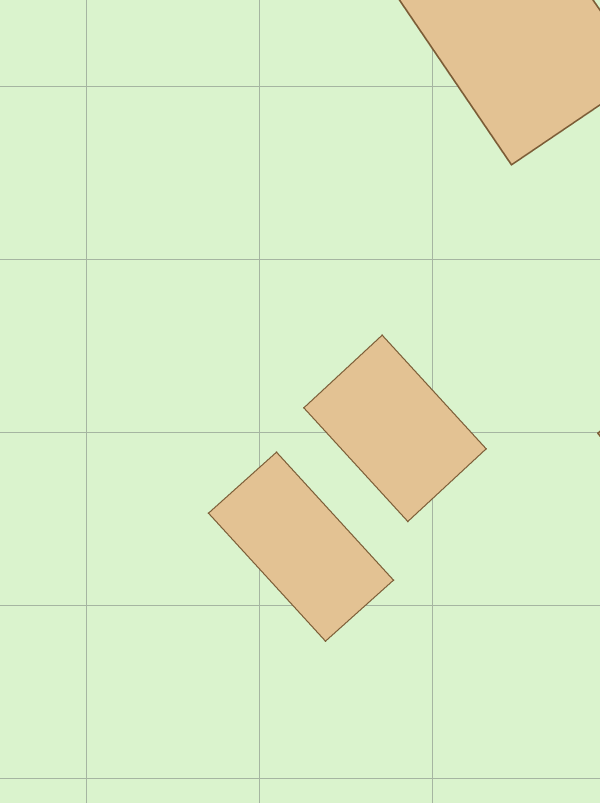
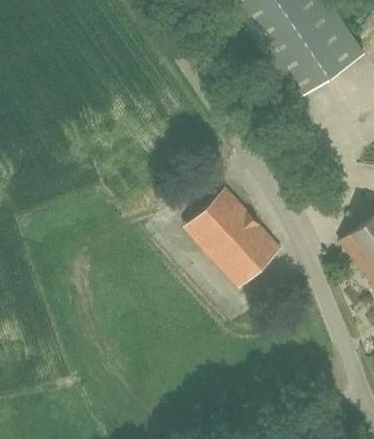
building: [209,452,393,641] -> none

